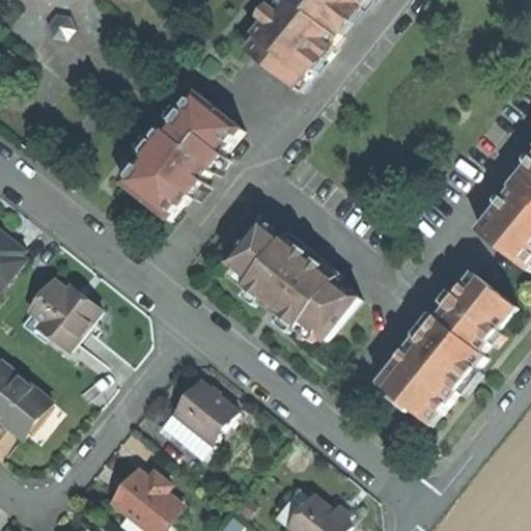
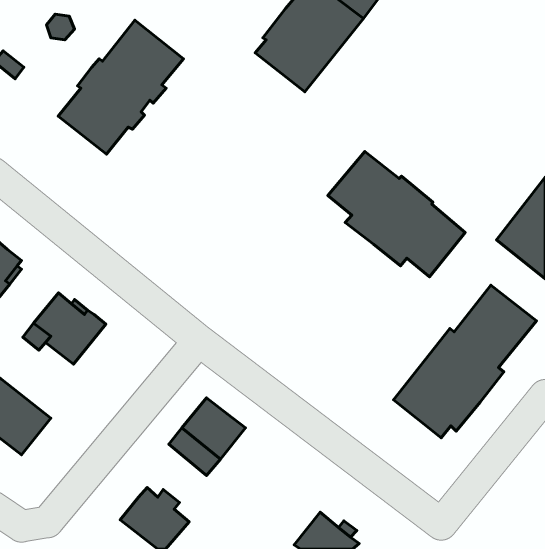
building: [119,91,240,220] -> [58,20,183,154]
building: [225,220,357,340] -> [328,151,465,277]

